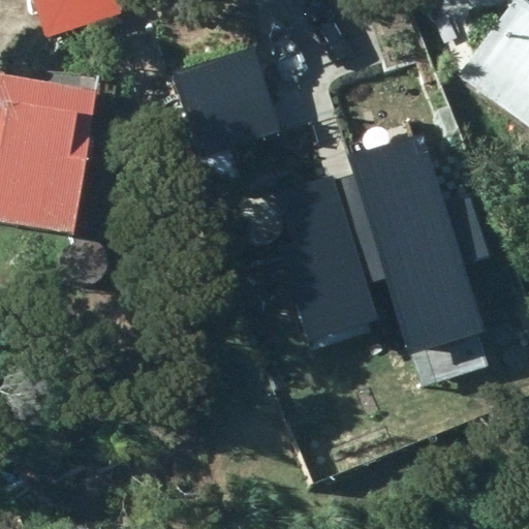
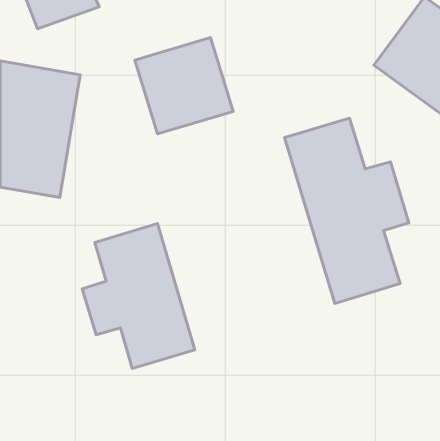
building: [270,179,374,344] -> none
building: none -> [82,224,195,368]

